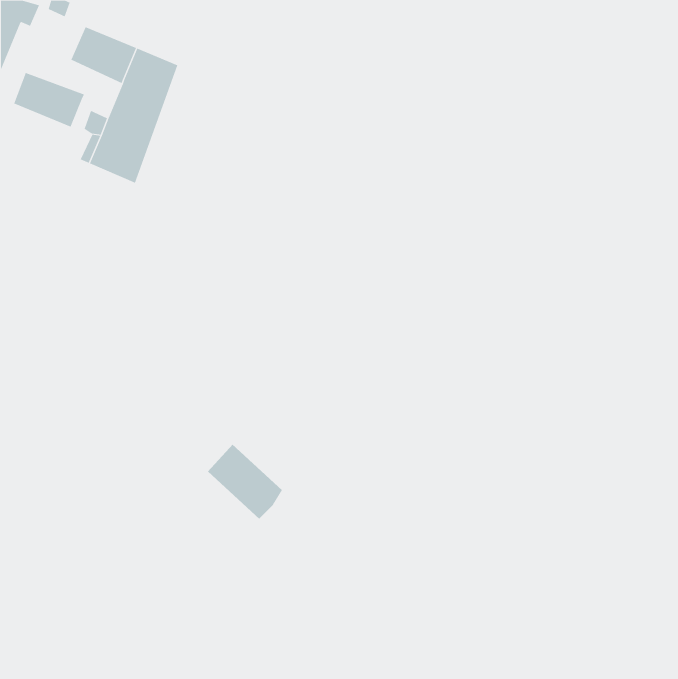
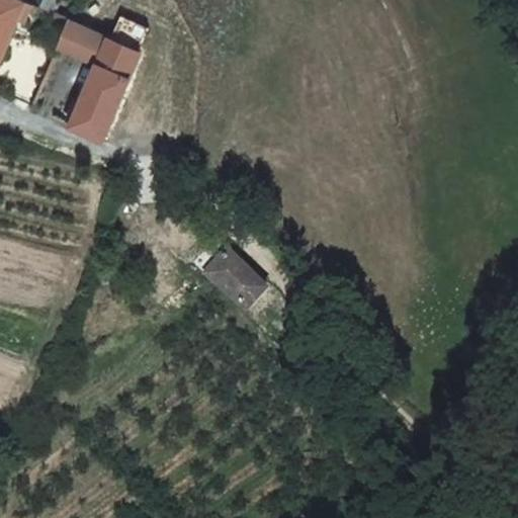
building: [13,72,85,127] -> none
building: [207,444,283,519] -> [209,256,267,314]

